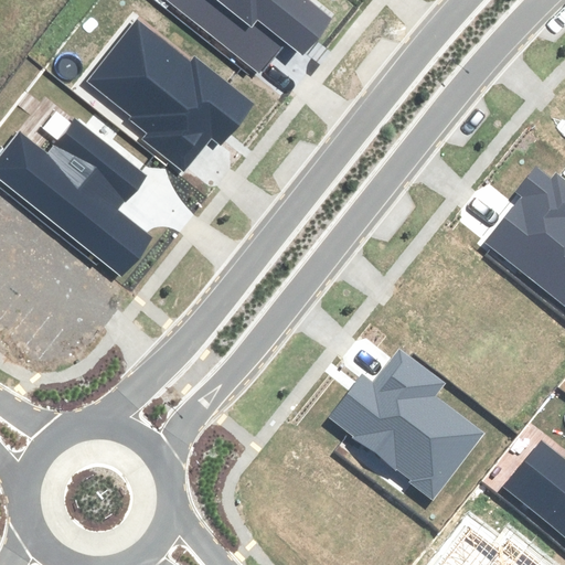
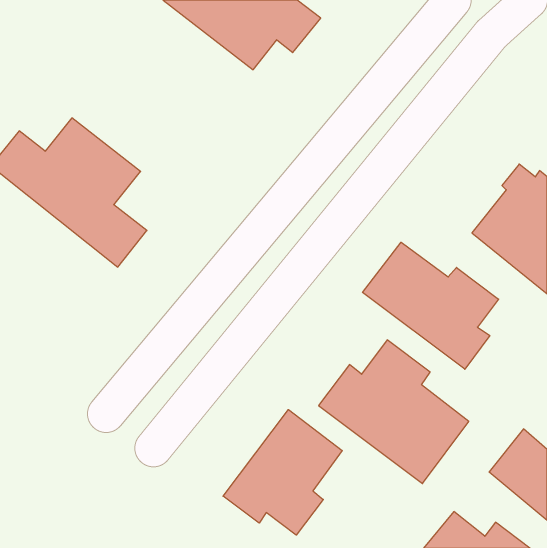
building: [88,22,252,171] -> none
building: none -> [363,242,499,369]
building: none -> [223,410,342,535]

